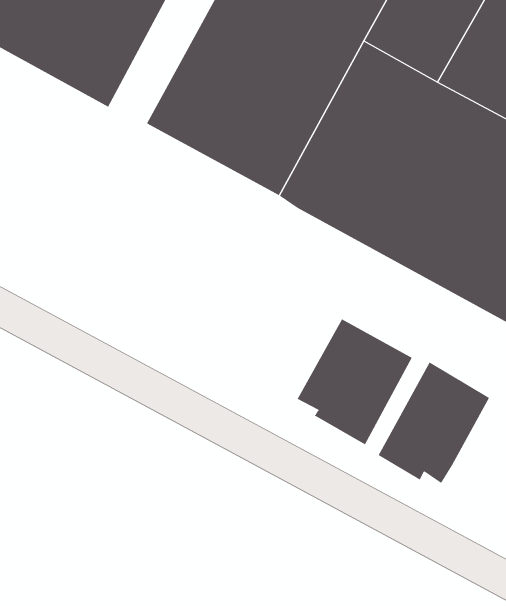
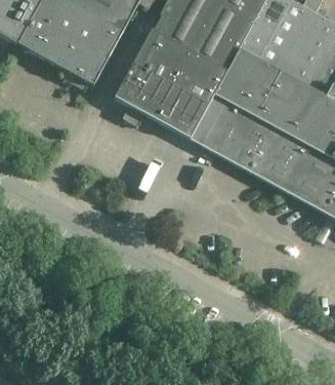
building: [297,318,413,445] -> none
building: [378,362,490,484] -> none

